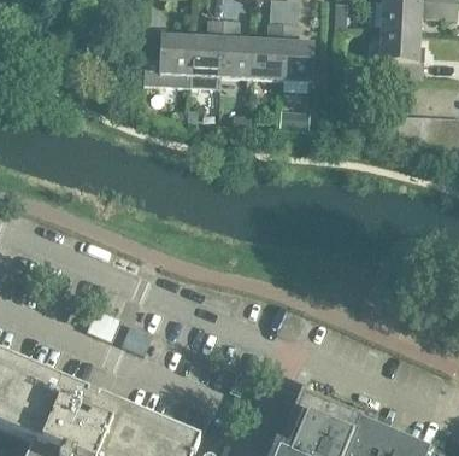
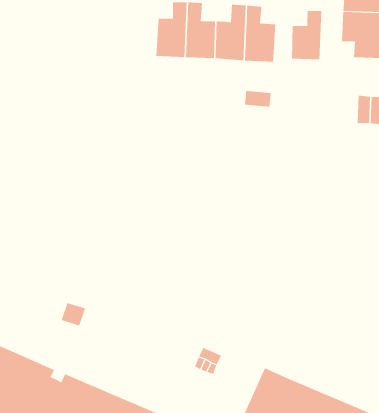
building: [143,27,193,88] -> none
building: none -> [292,10,322,60]

